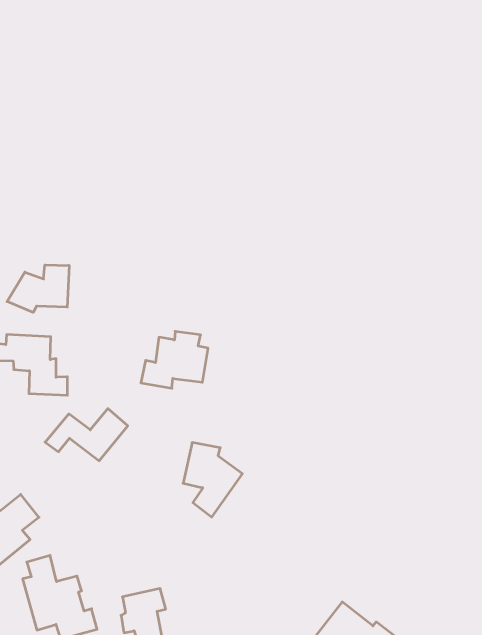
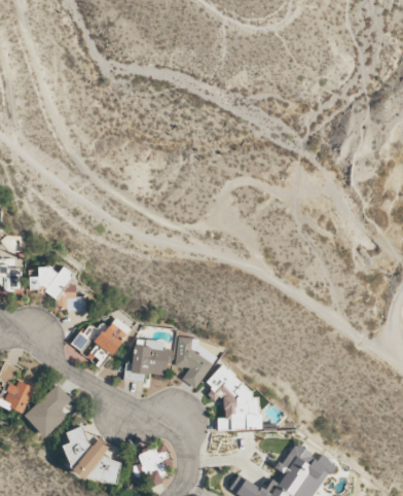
building: [7,265,69,312] -> none
building: [141,331,208,388] -> [123,340,170,381]
building: none -> [207,364,262,430]

